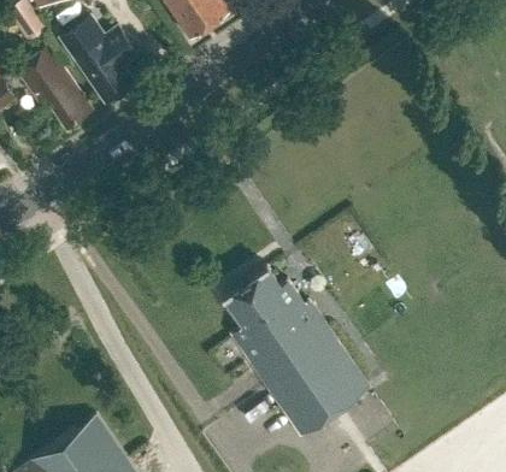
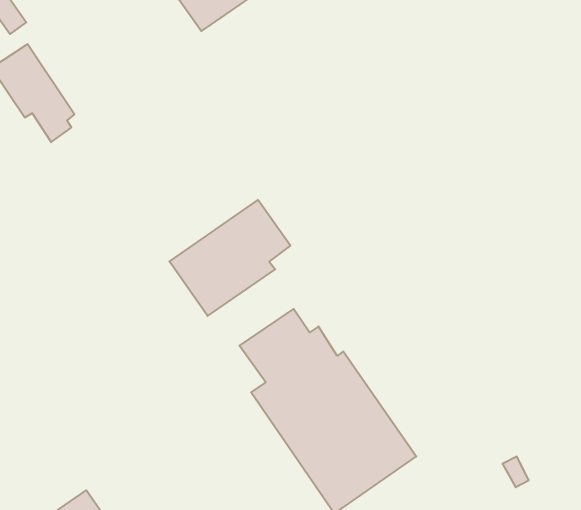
building: [60,20,136,101] -> none
building: none -> [169,200,290,316]

